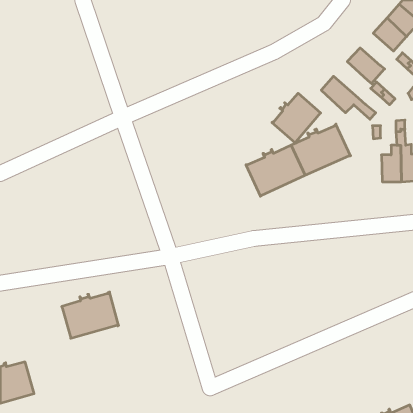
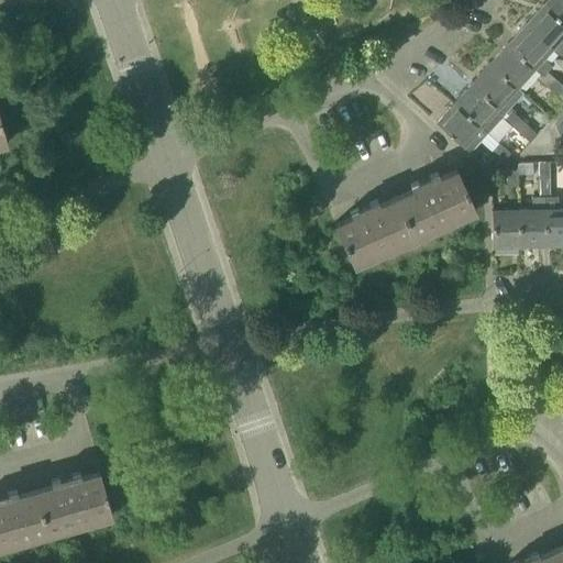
building: none -> [490,47,536,91]
building: none -> [454,86,506,135]
building: [272,93,321,143] -> none
building: none -> [493,212,520,250]
building: [62,292,119,338] -> [36,473,113,536]

